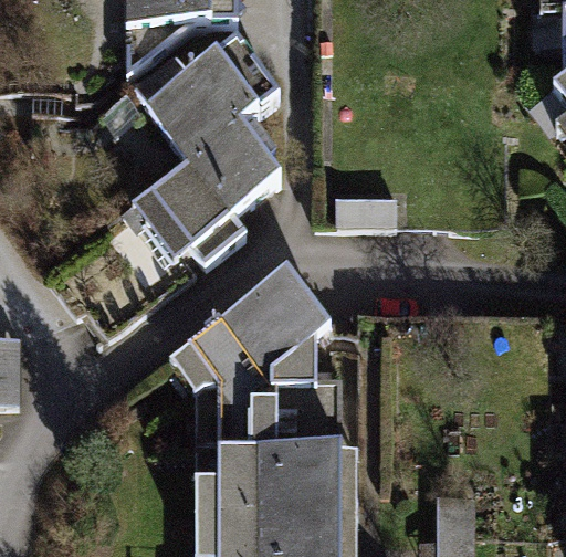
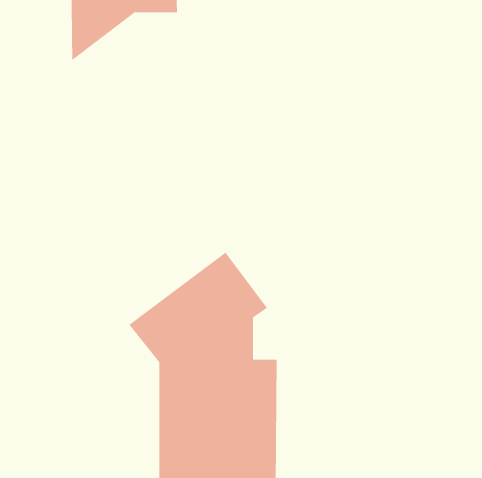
building: [134,42,280,266] -> none

